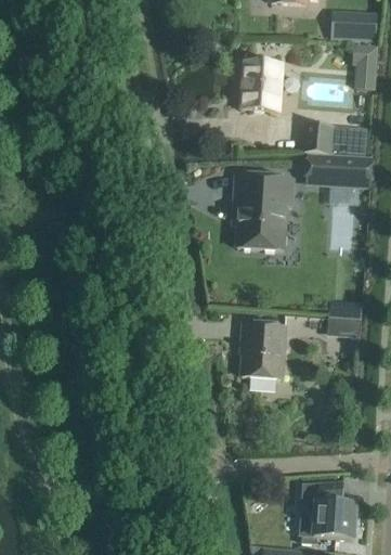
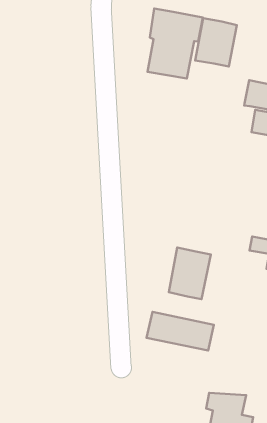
building: [234,172,291,247] -> [148,9,203,78]
building: none -> [147,312,214,351]

